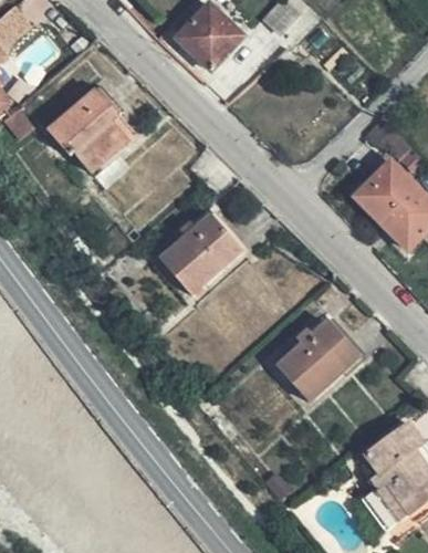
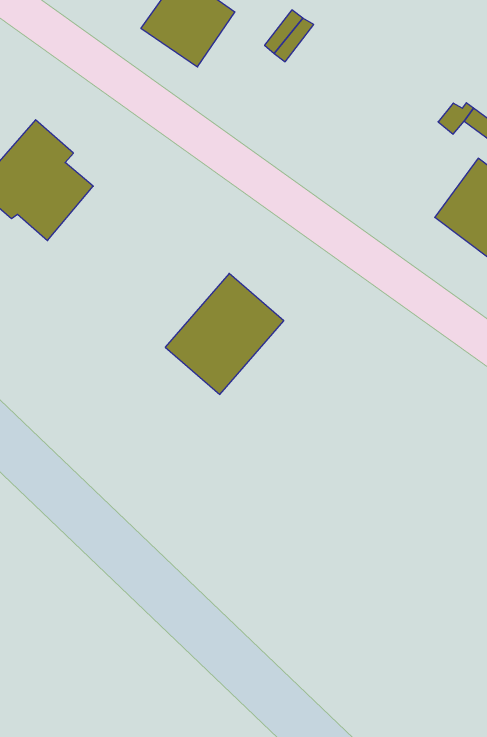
building: [278,320,358,398] -> none

